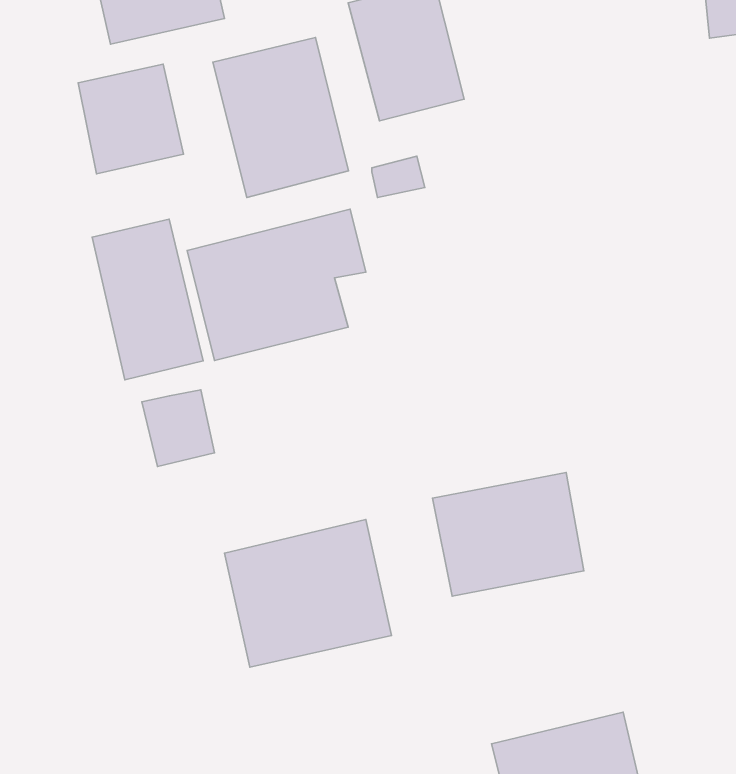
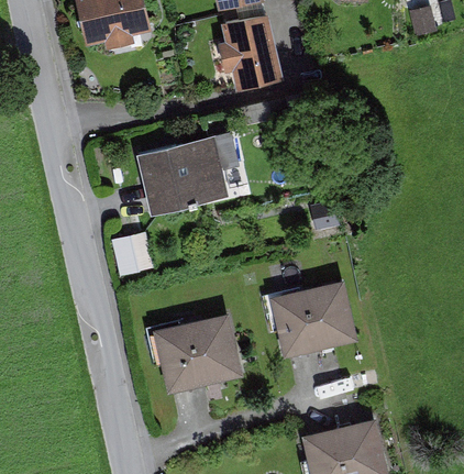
building: [213,37,348,197] -> none
building: [78,64,183,174] -> none
building: [92,219,203,380] -> none

